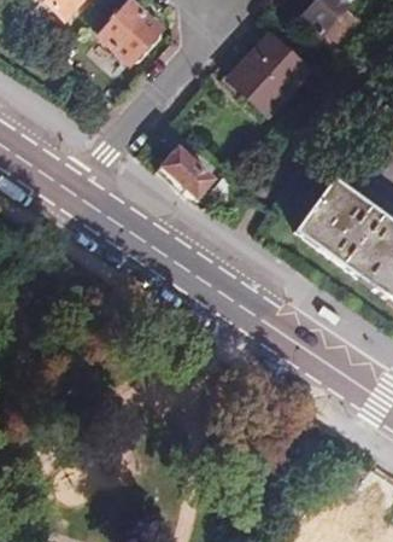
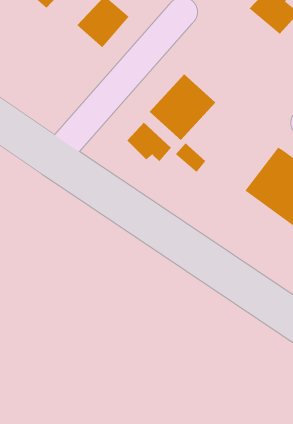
building: [228,35,306,113] -> [149,73,216,141]

